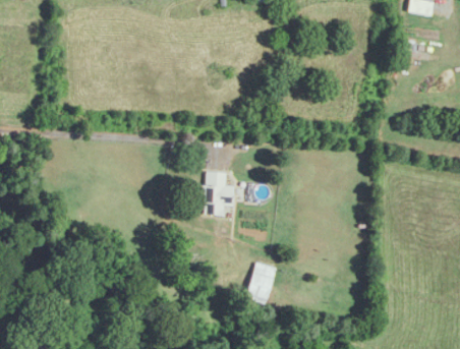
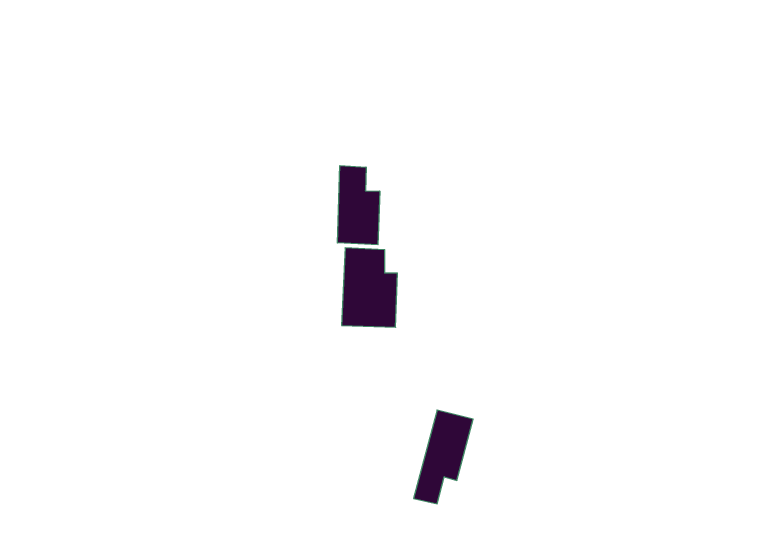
building: none -> [337,166,380,245]

